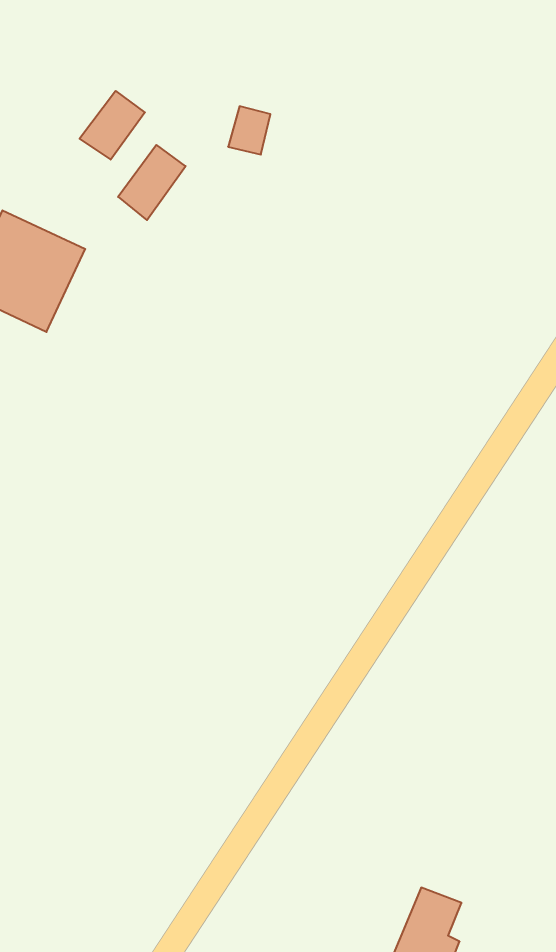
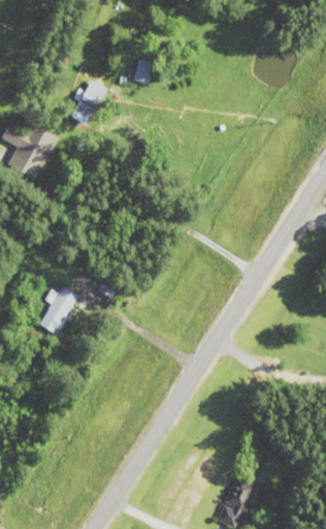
building: [80,91,145,160] -> none
building: none -> [37,285,79,334]

